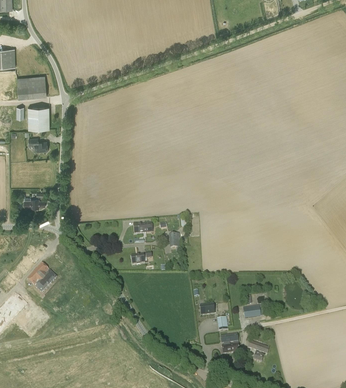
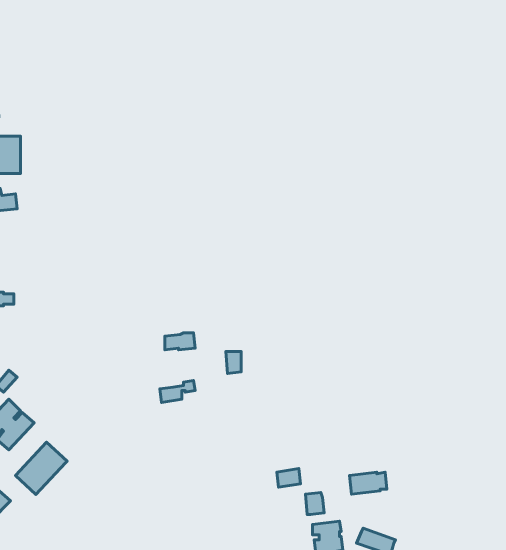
building: none -> [15,442,67,495]

